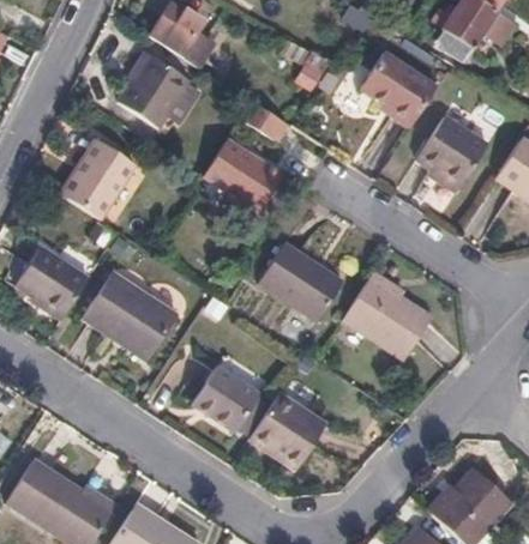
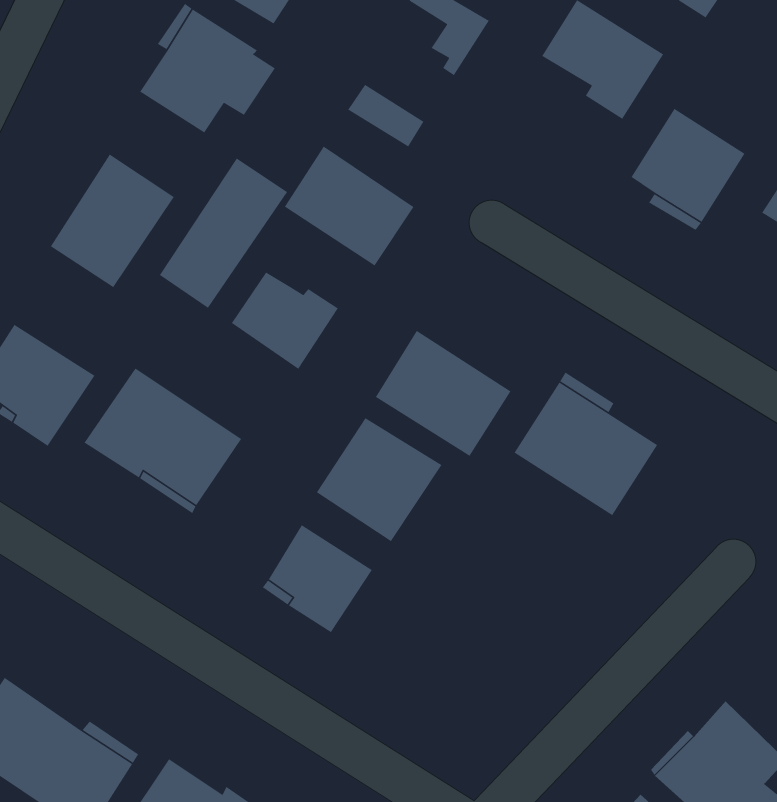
building: none -> [159,157,288,309]
building: none -> [231,271,339,370]
building: [248,393,325,469] -> [316,417,443,542]

